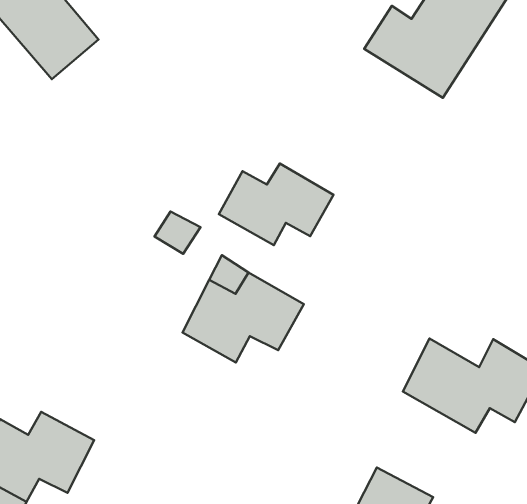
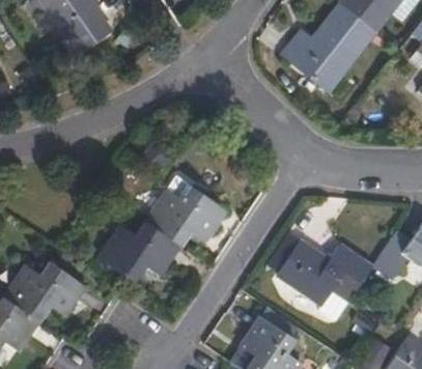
building: [219,163,333,245] -> none
building: none -> [102,221,180,279]

